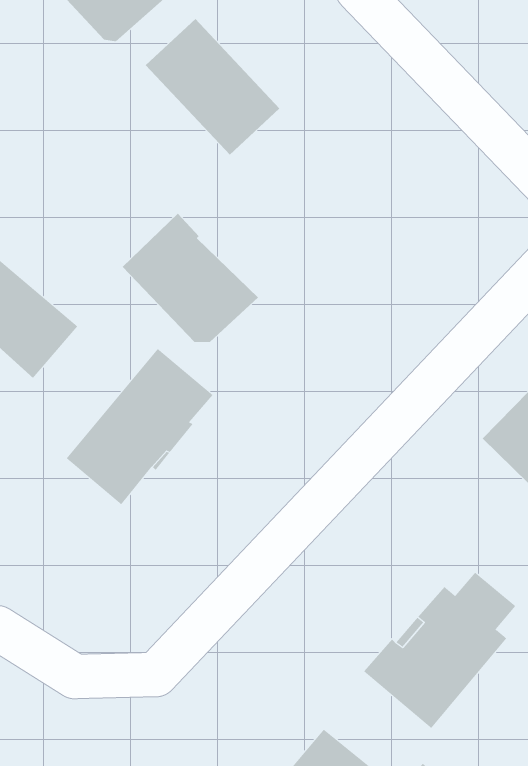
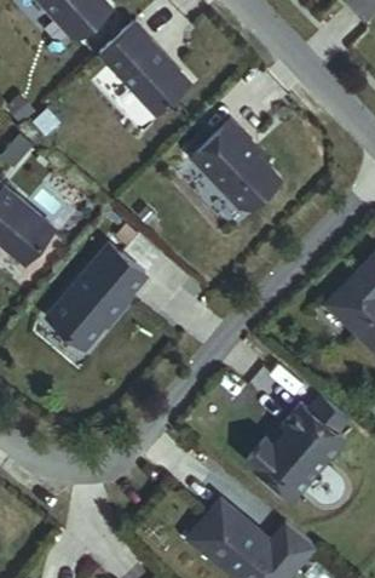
building: [122,213,259,343] -> [195,120,287,207]

